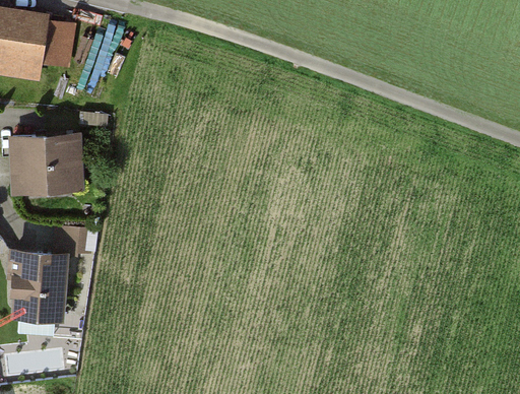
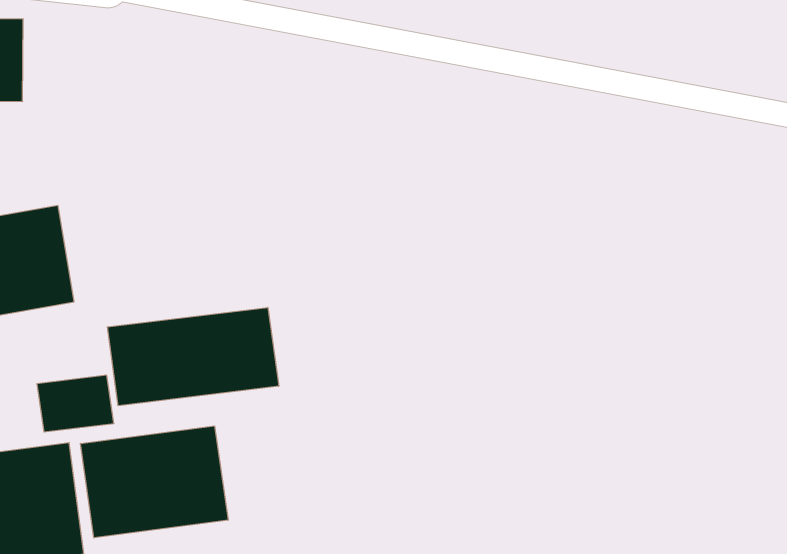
building: none -> [107,307,279,406]
building: none -> [80,426,228,538]

